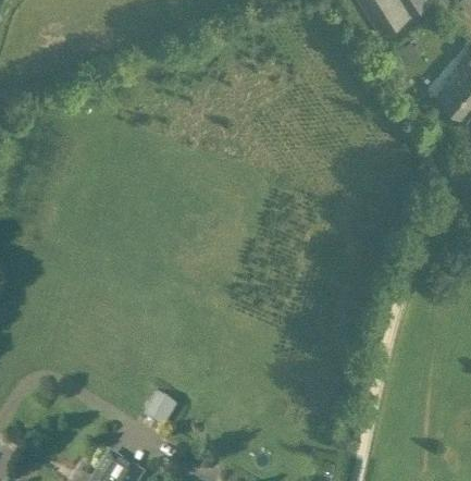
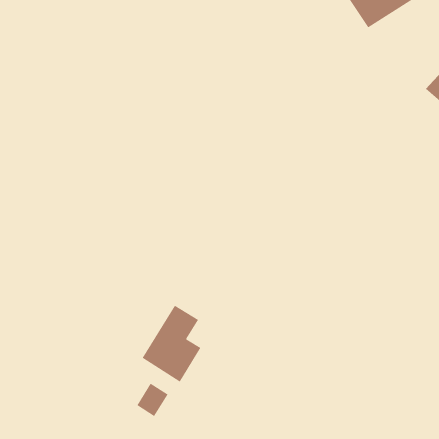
building: none -> [142,305,201,383]

